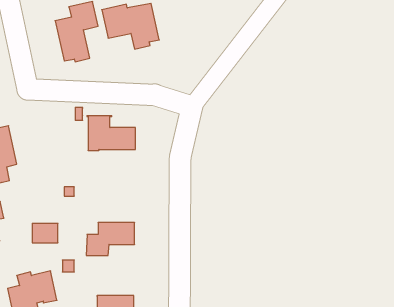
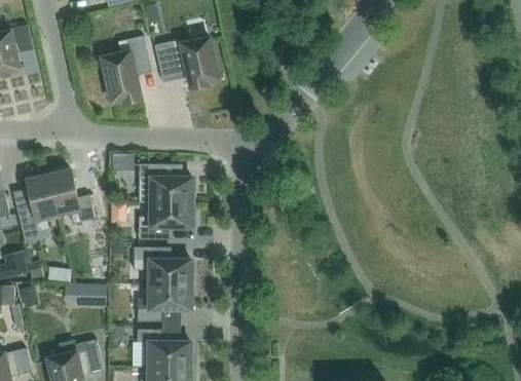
building: none -> [49,170,95,224]
building: none -> [139,202,196,239]
building: none -> [134,247,191,284]
building: none -> [137,330,190,368]

